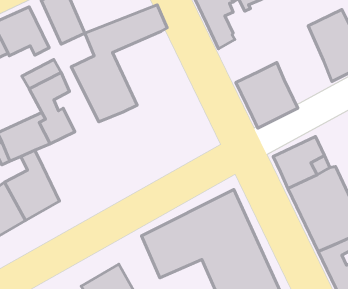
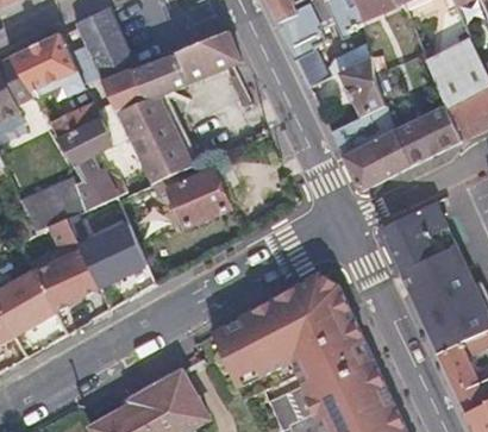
building: none -> [337,56,383,118]
building: none -> [102,68,145,112]
building: none -> [393,104,459,165]
building: none -> [151,169,230,226]
building: none -> [79,217,154,287]

